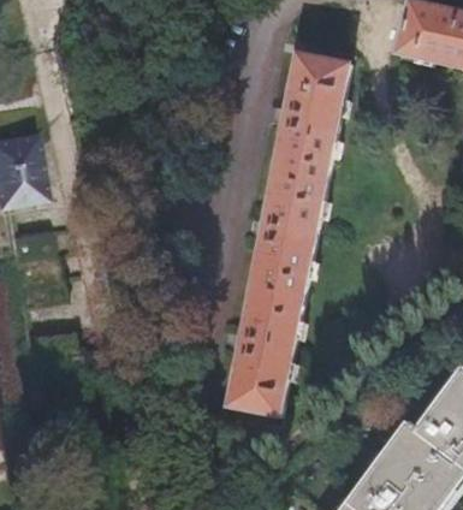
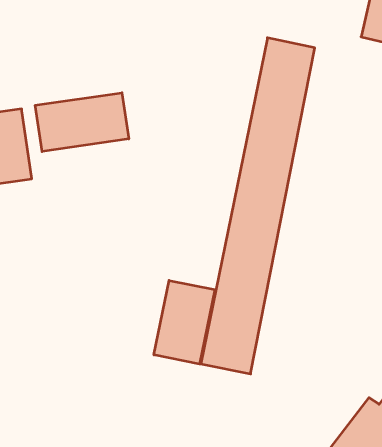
building: none -> [35,93,129,152]
building: none -> [154,280,215,364]

